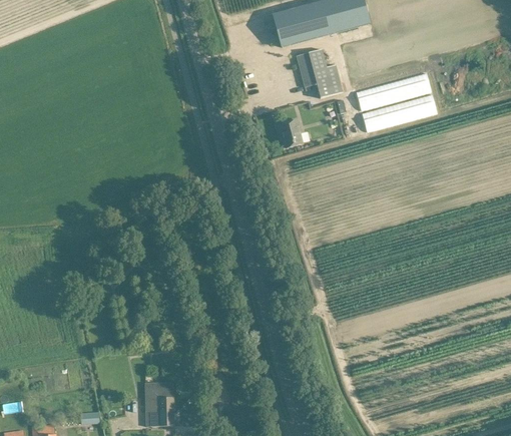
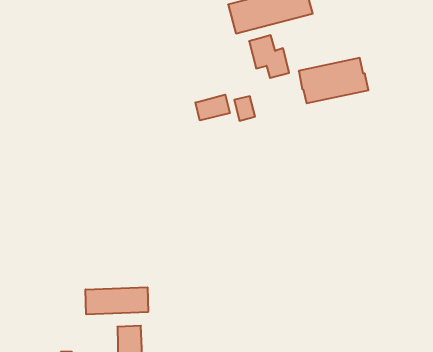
building: none -> [195,95,230,120]
building: none -> [86,287,148,314]

